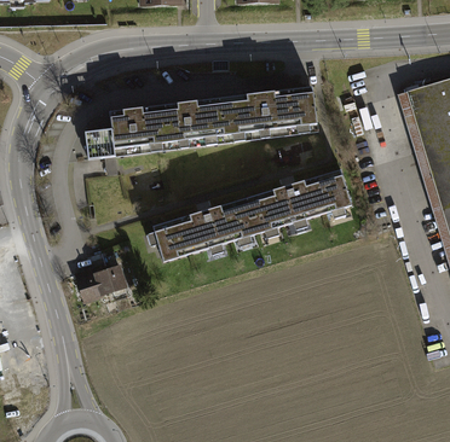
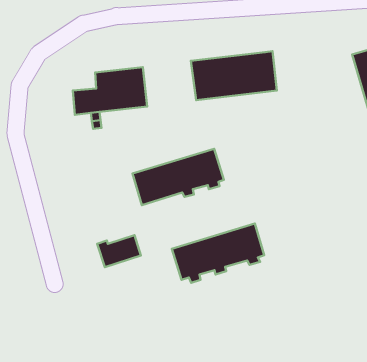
building: [165,97,225,149] -> none
building: [246,168,351,235] -> [172,223,264,283]
building: [76,263,126,299] -> [97,235,141,267]

